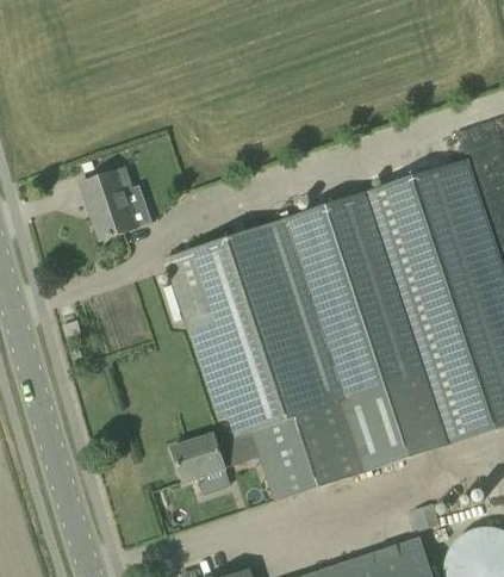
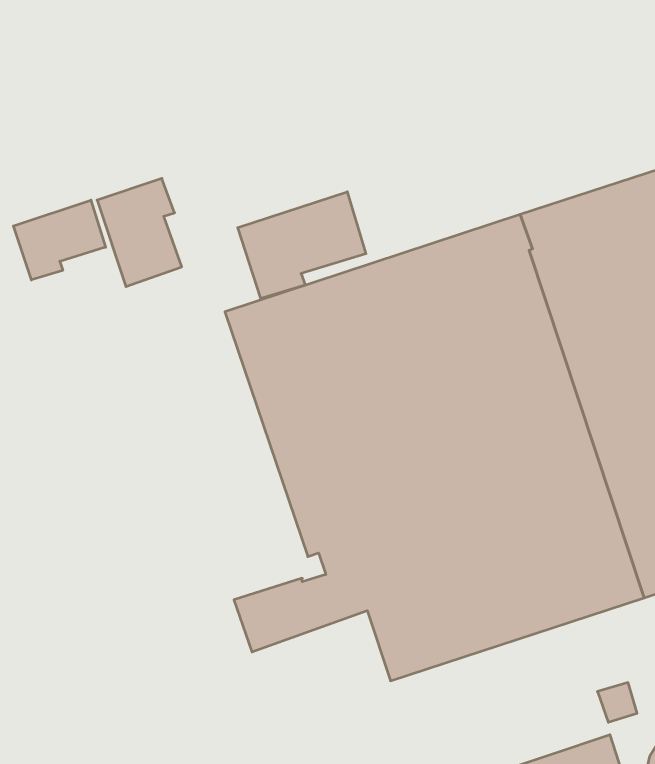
building: none -> [238,192,366,298]
building: none -> [13,200,106,280]

